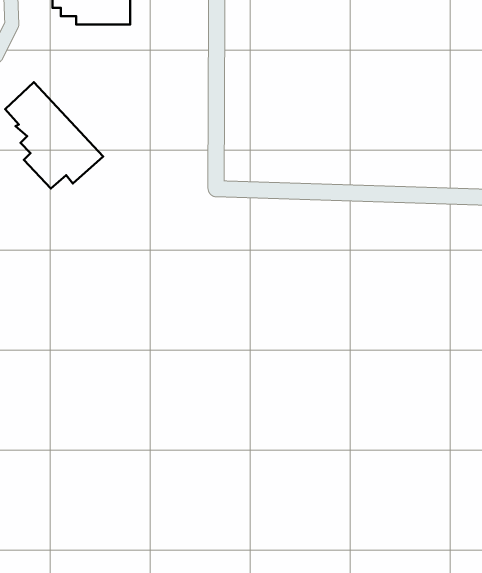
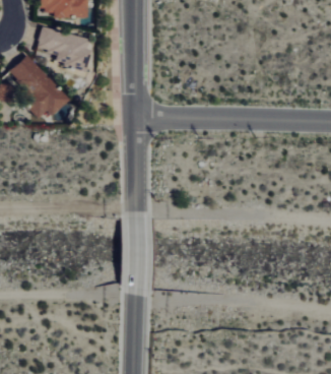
building: none -> [39,25,91,71]

